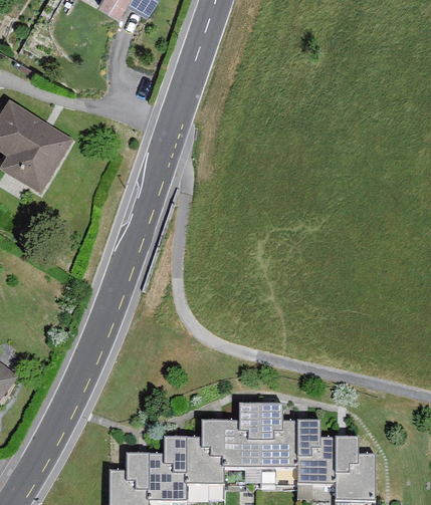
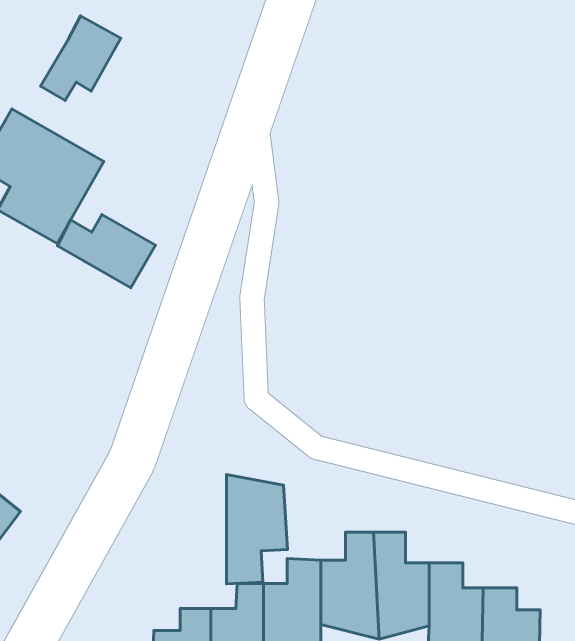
building: none -> [41,16,121,101]
building: none -> [57,214,155,288]
building: none -> [227,475,287,584]

